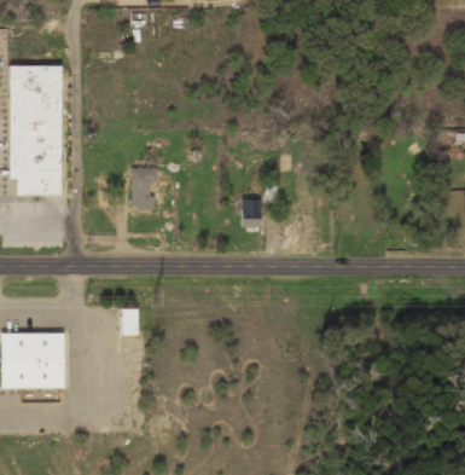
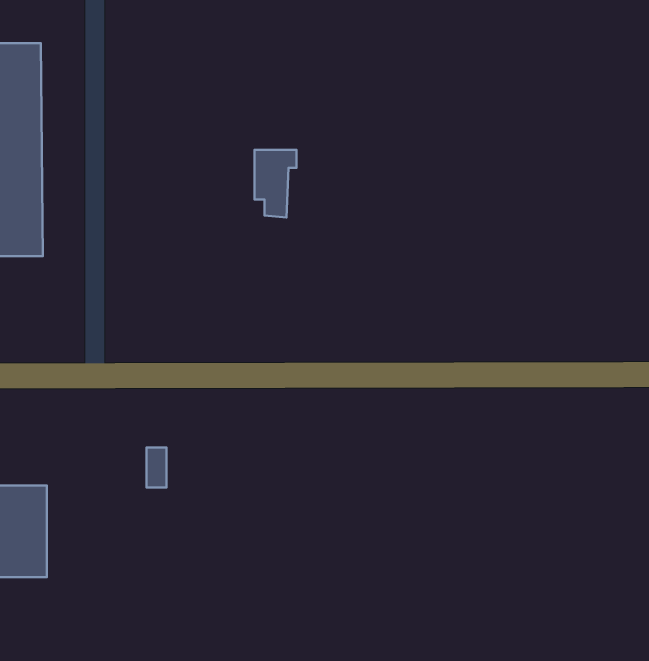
building: [132,169,157,210] -> [255,150,296,218]
building: [242,199,261,227] -> none

